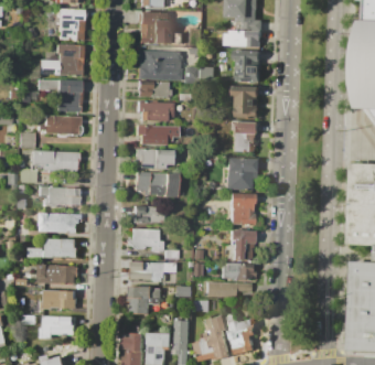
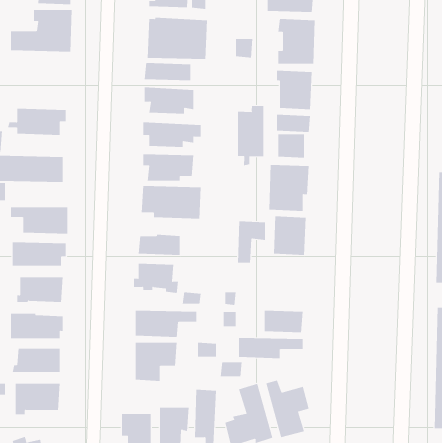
building: [38,80,82,112] -> none
building: none -> [237,105,264,166]
building: [231,229,251,260] -> [237,221,266,263]

